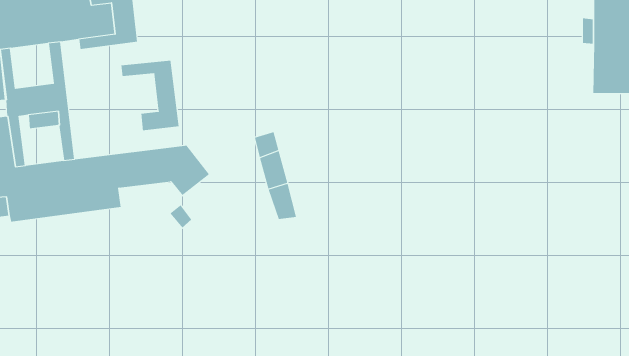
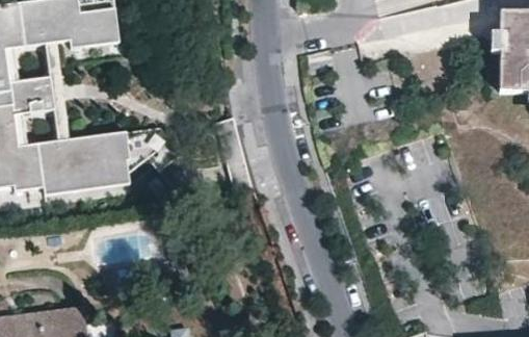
building: [121,60,179,131] -> none

